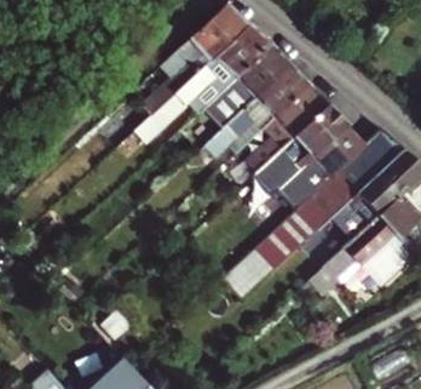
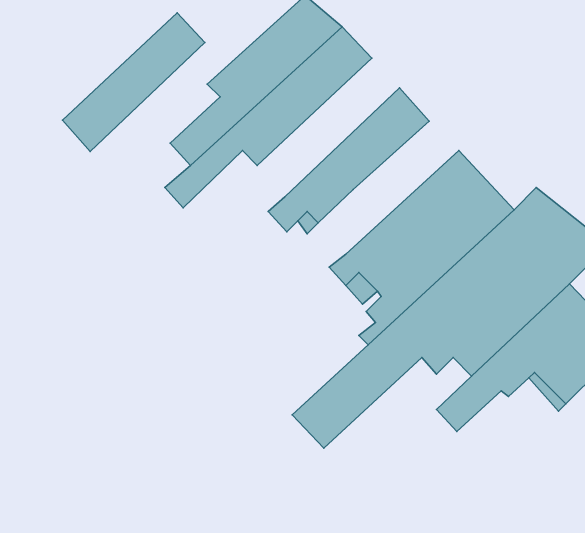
building: [196,44,289,135] -> [63,13,205,151]
building: [242,85,328,172] -> none

